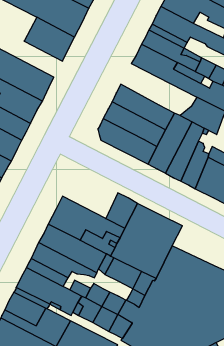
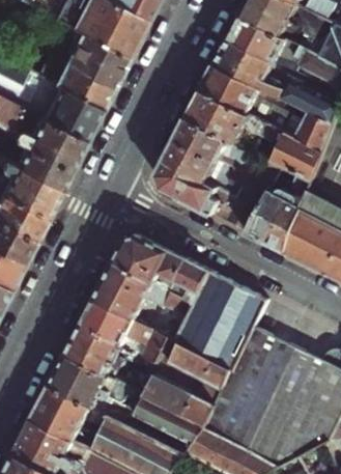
building: none -> [38,54,113,108]
building: none -> [189,90,287,146]
building: none -> [113,234,184,291]

